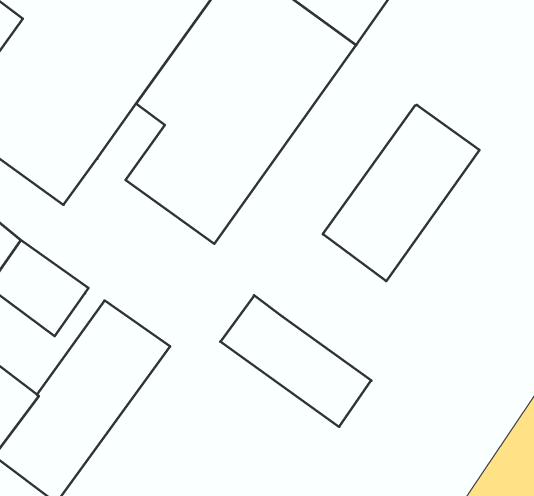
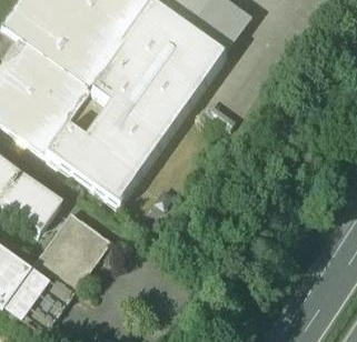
building: [323,105,479,281] -> none
building: [220,295,371,427] -> [42,124,137,207]

